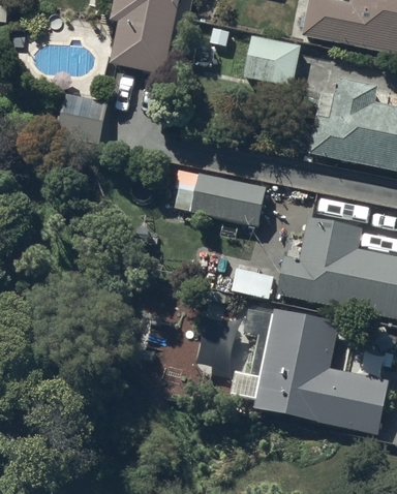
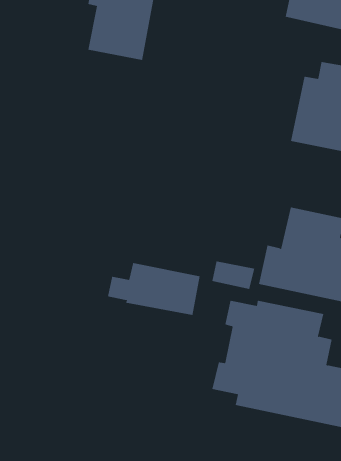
building: [243,34,300,87] -> none
building: [57,95,105,146] -> none
building: [173,173,264,224] -> [107,262,201,316]

